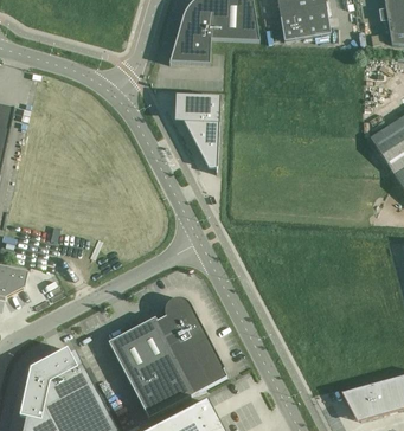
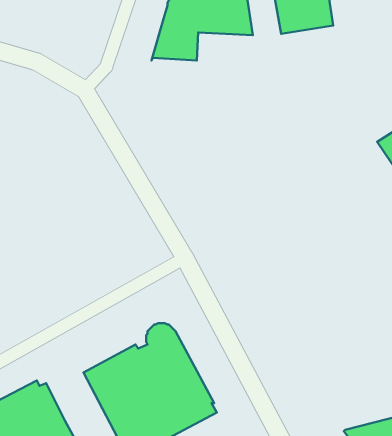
building: [178,95,219,168] -> none

